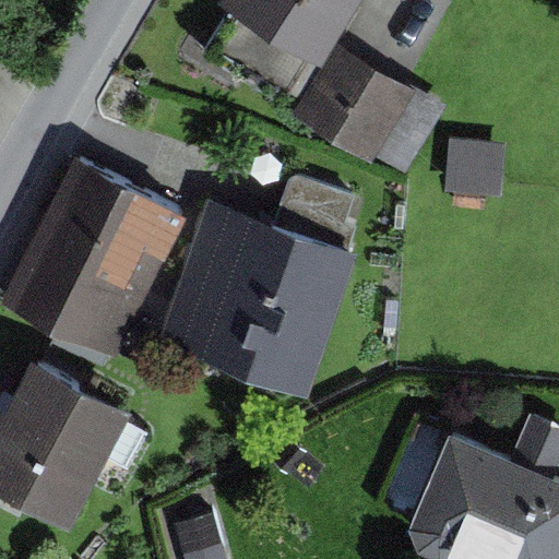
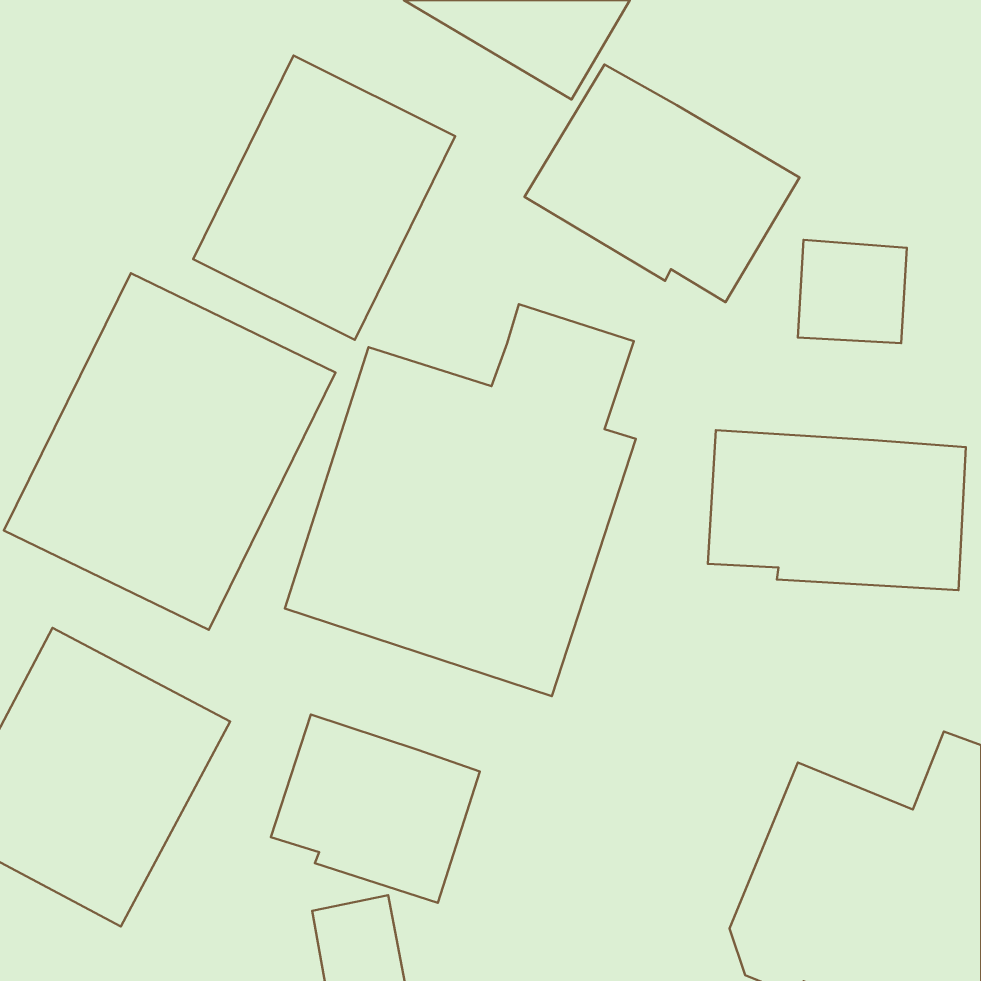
building: none -> [193,55,455,340]
building: none -> [708,430,966,590]
building: none -> [271,714,480,903]

